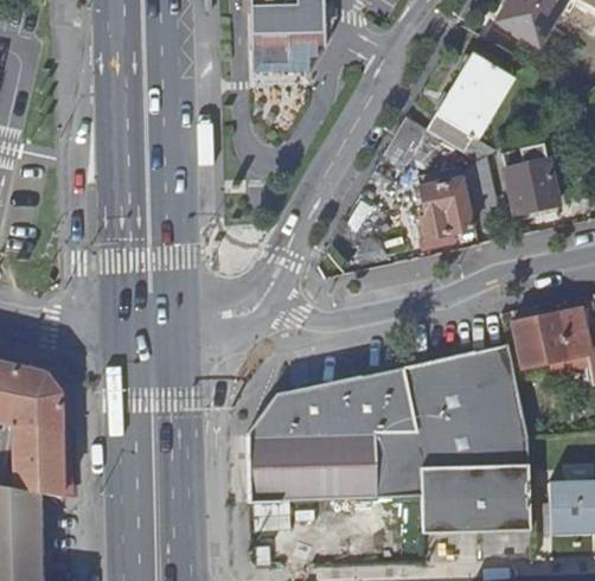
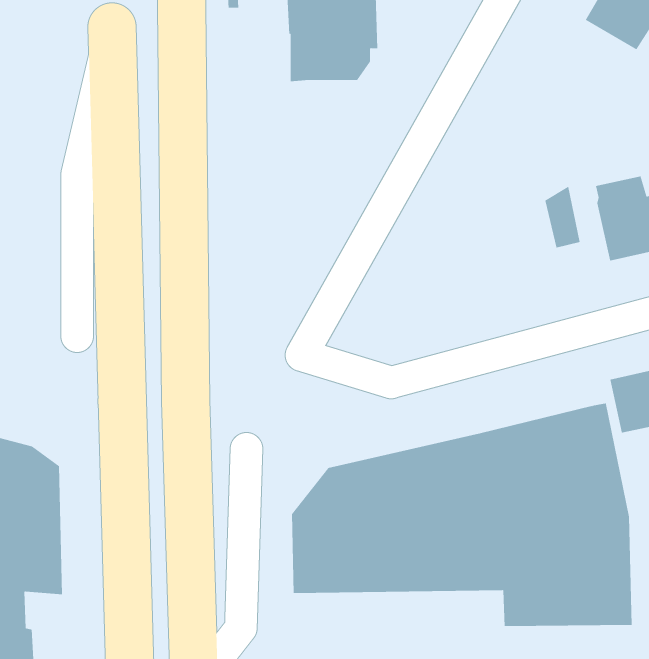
building: [379,62,508,171] -> none
building: [417,185,469,244] -> none

